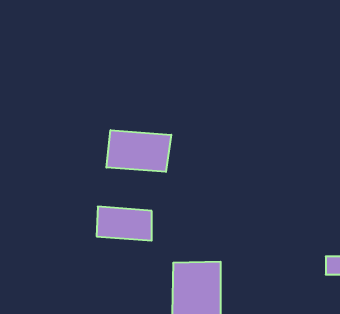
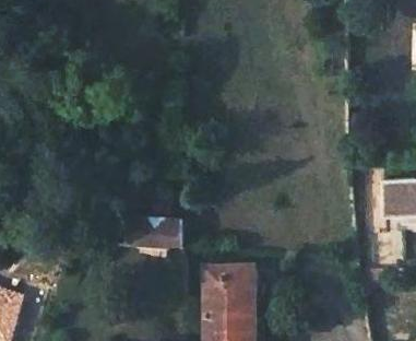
building: [106,130,171,172] -> none

